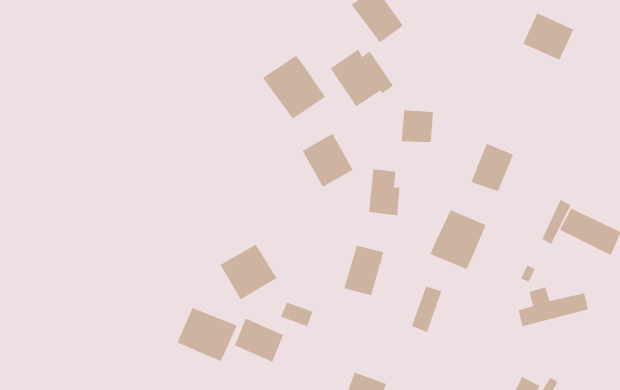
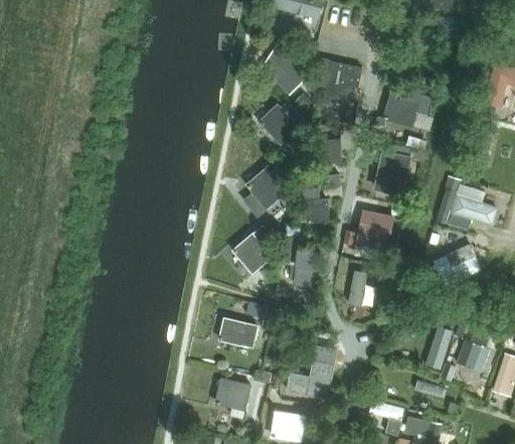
building: none -> [322,61,360,102]
building: [523,13,574,61] -> [383,94,420,127]
building: [262,55,326,120] -> none
building: [219,244,277,300] -> [232,230,278,274]
building: [177,307,237,362] -> none

